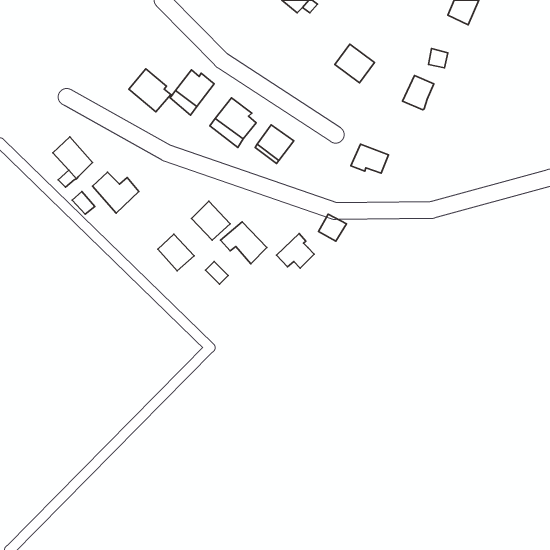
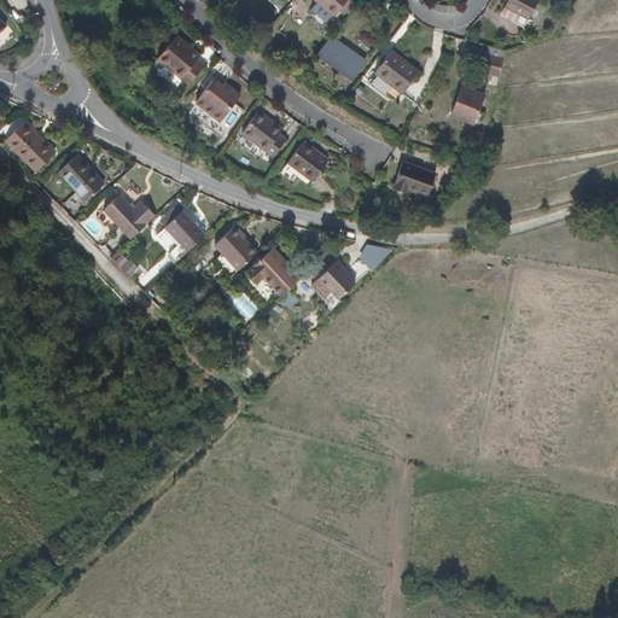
building: none -> [316,35,367,80]
building: [129,69,171,112] -> [158,35,205,83]
building: none -> [6,121,56,170]
building: [158,234,194,271] -> [165,210,206,251]

